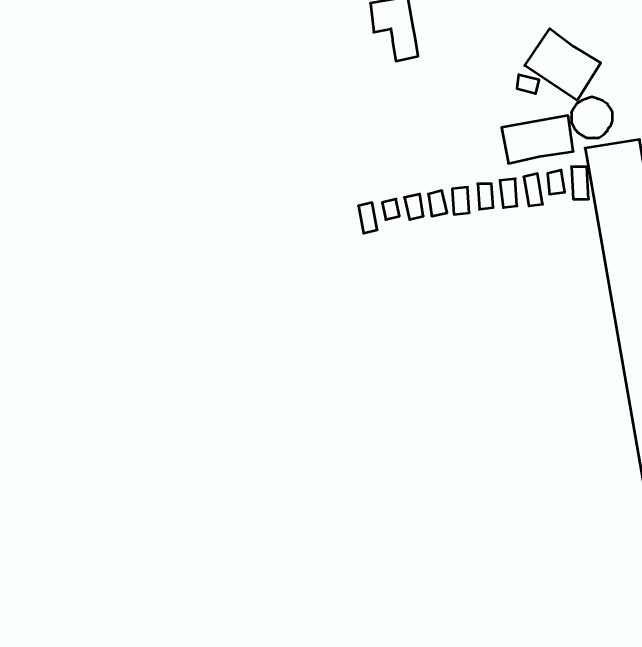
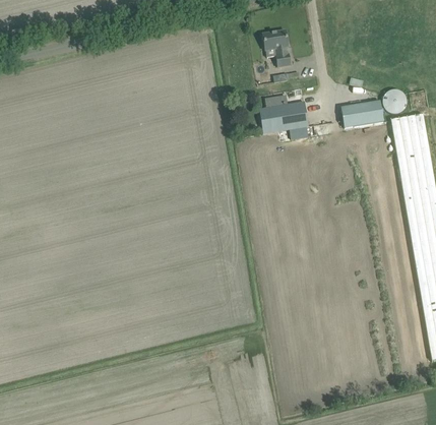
building: [525,29,601,100] -> none
building: none -> [258,101,308,138]

